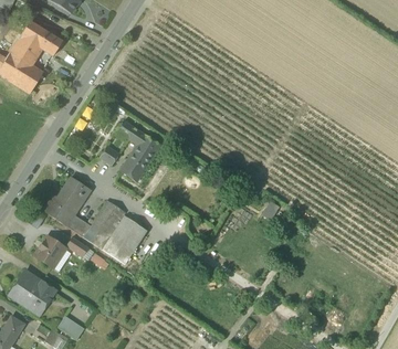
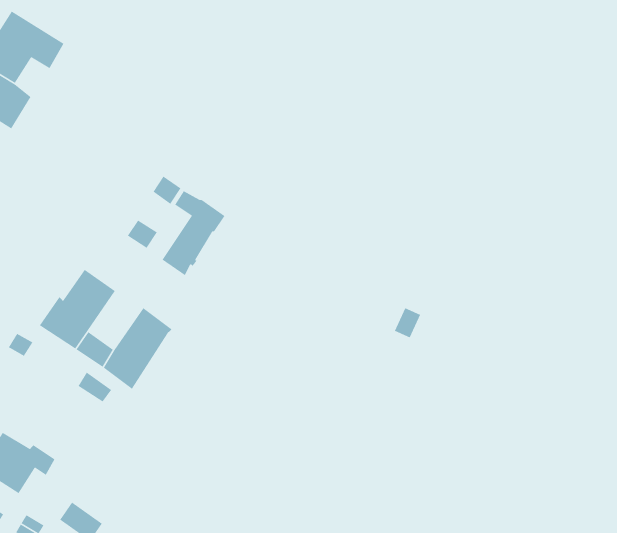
building: [102,214,148,264] -> none
building: [36,237,66,268] -> none

